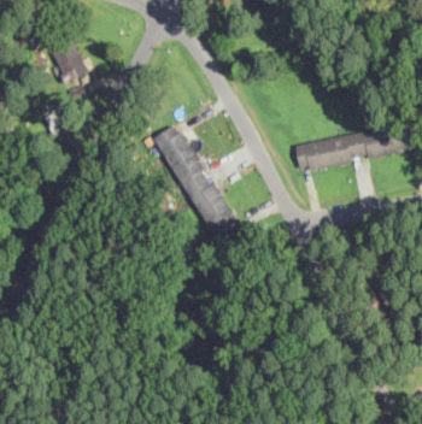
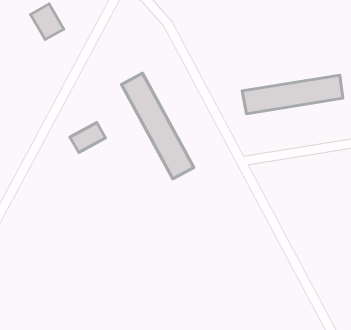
building: none -> [70,123,106,152]

